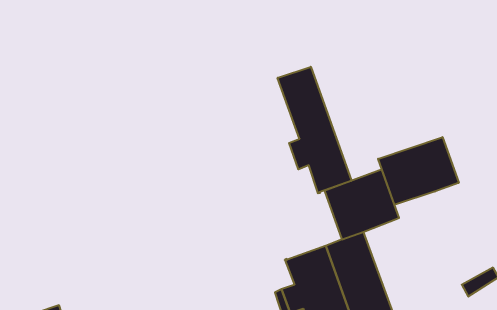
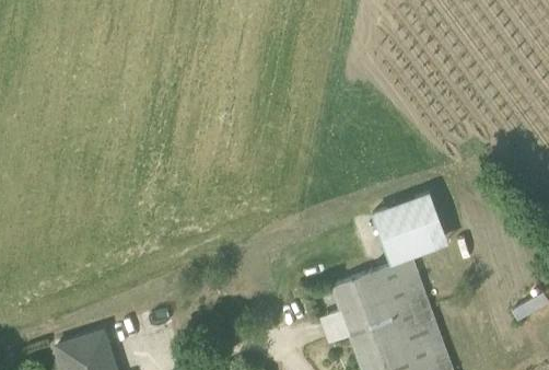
building: [278,67,351,193] -> none
building: [378,137,459,205] -> none

